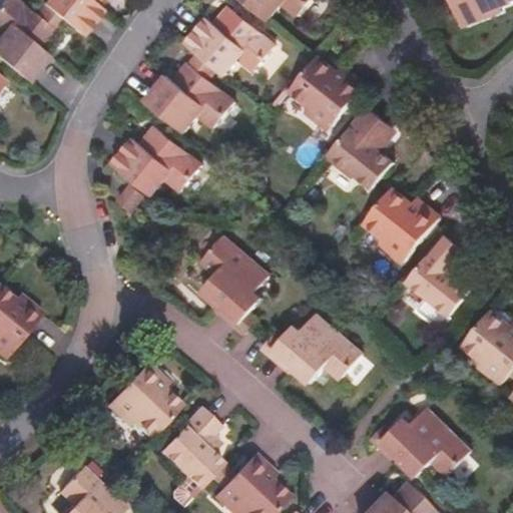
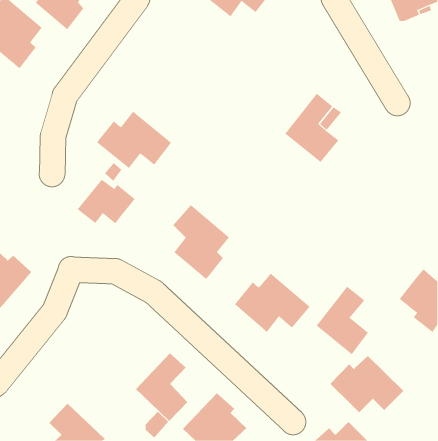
building: [183,6,274,75] -> none
building: [288,57,363,131] -> none
building: [144,65,231,132] -> none
building: [362,187,438,263] -> none
building: none -> [77,179,135,224]
building: [407,235,468,316] -> [316,286,369,355]
building: [102,362,178,438] -> none

